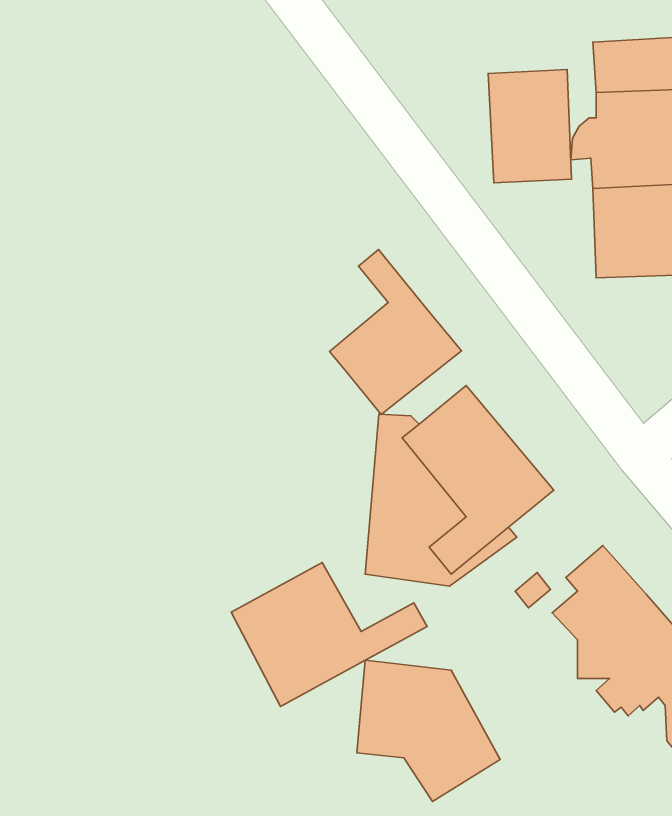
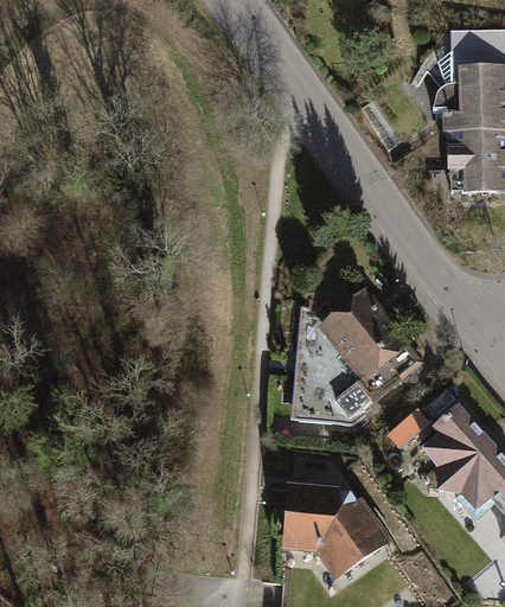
building: [488,69,572,183] -> none
building: [330,250,461,414] -> none
building: [231,562,427,706] -> none

